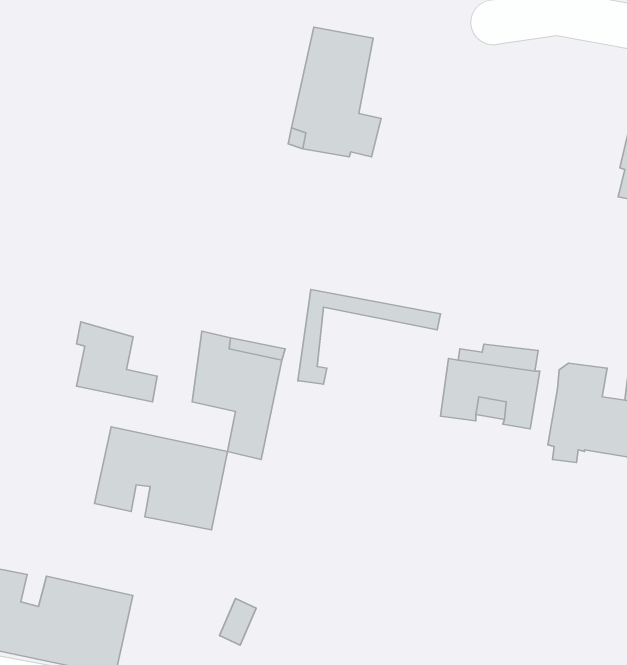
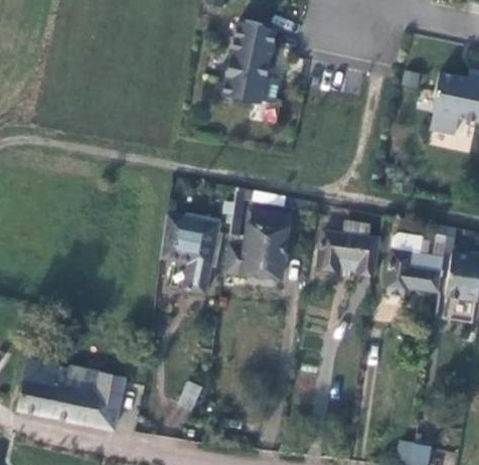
building: [76,322,157,402] -> none
building: none -> [225,209,289,279]
building: [95,427,227,530] -> none

